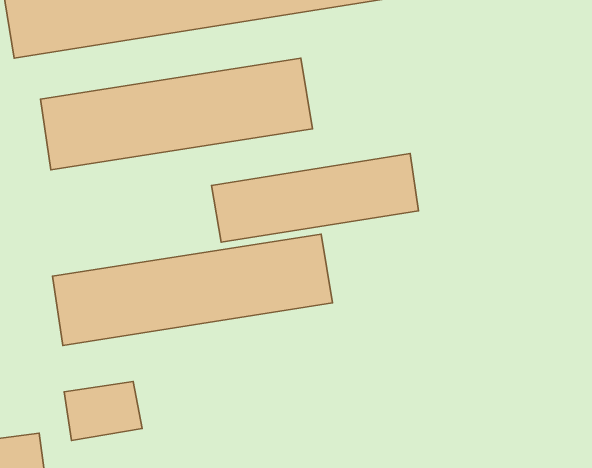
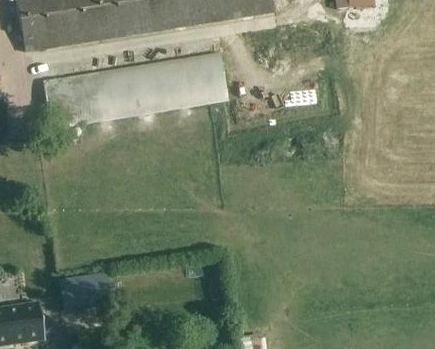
building: [211,154,419,242] -> none
building: [52,234,333,345] -> none

